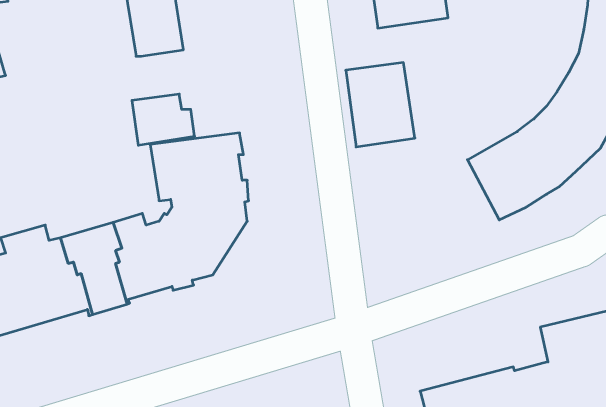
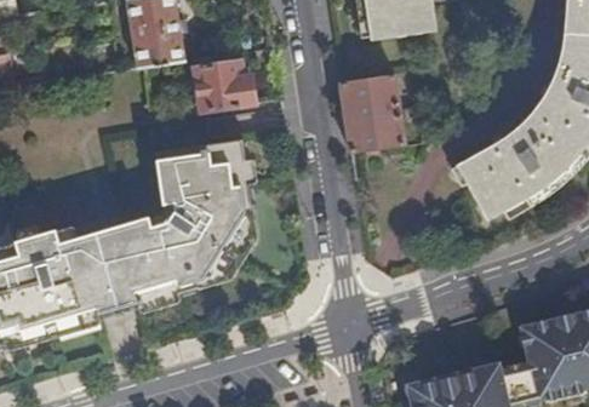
building: [132,94,195,145] -> [195,62,255,110]

